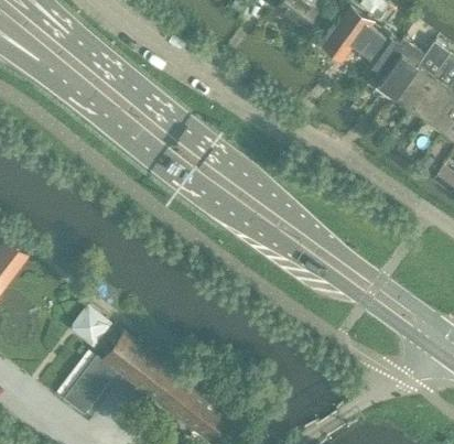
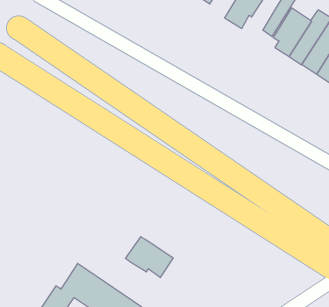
building: none -> [126,237,173,278]
building: [69,306,110,347] -> none

